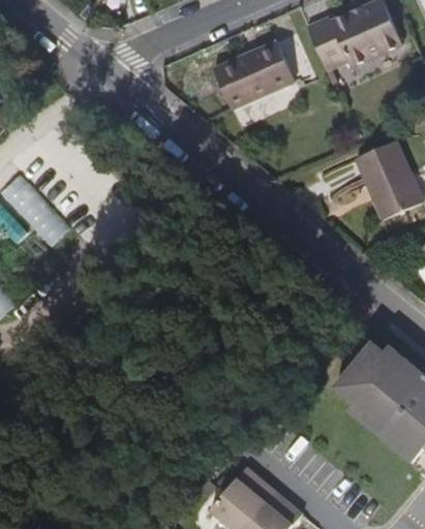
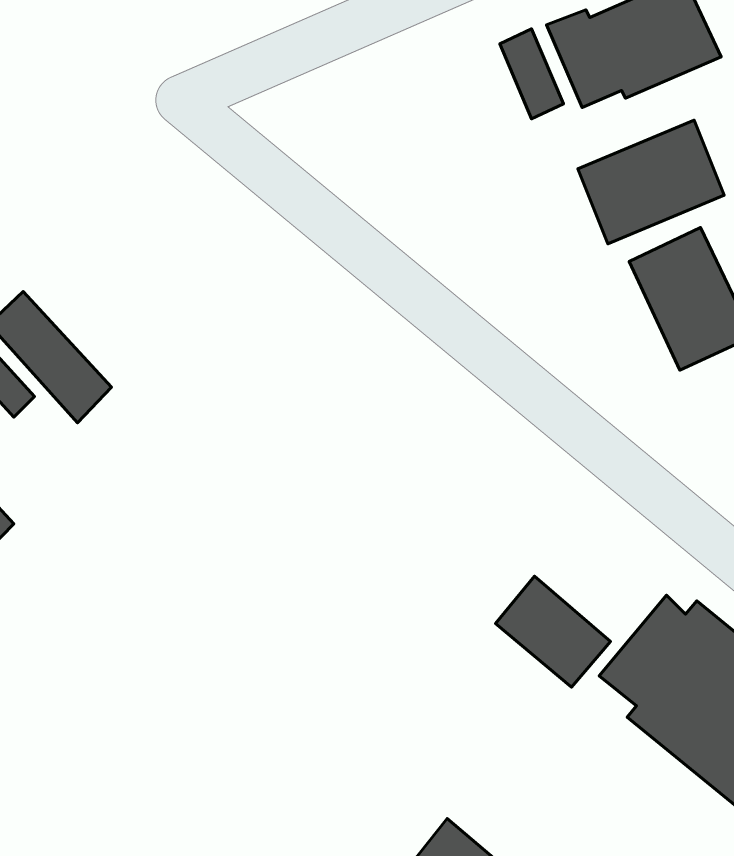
building: [214,44,295,113] -> [578,120,724,244]
building: none -> [495,576,610,687]

